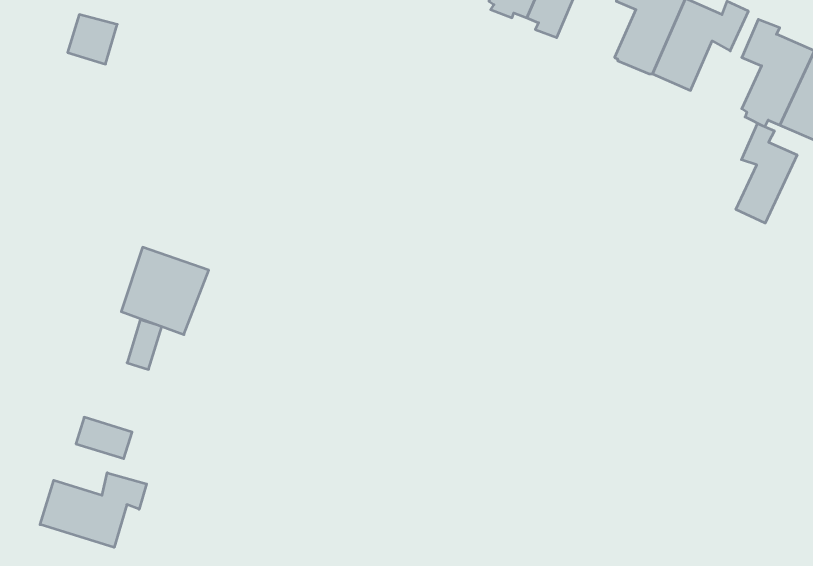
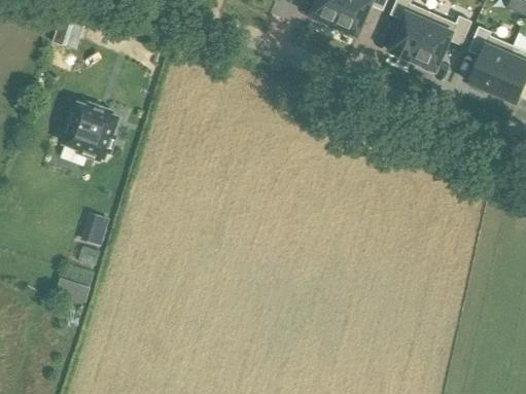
building: [736,124,797,223] -> none
building: [121,247,209,335] -> [64,103,118,157]
building: [40,473,147,547] -> none

